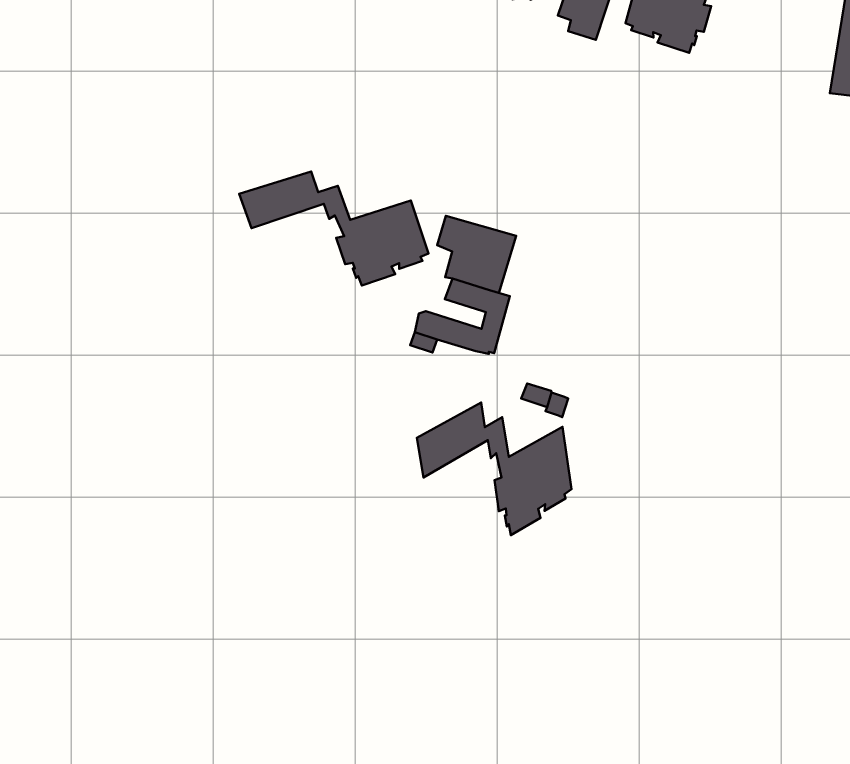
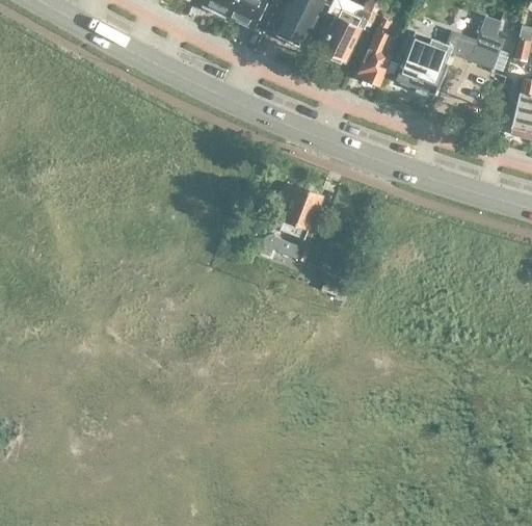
building: [239,171,428,286] -> none
building: [417,403,571,535] -> none

